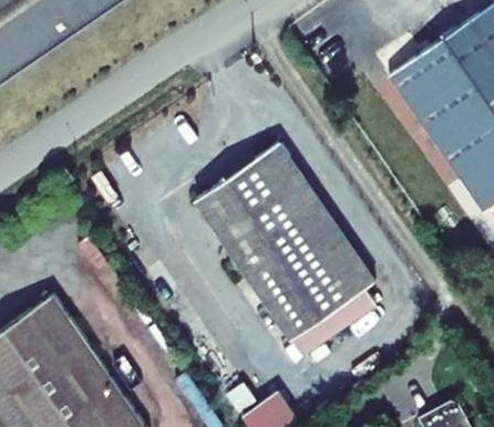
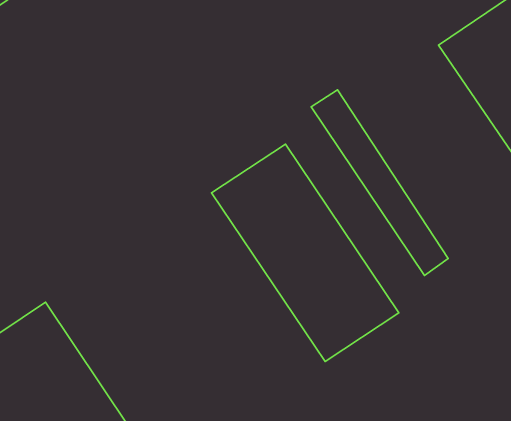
building: [258,145,373,301] -> [311,90,448,276]

